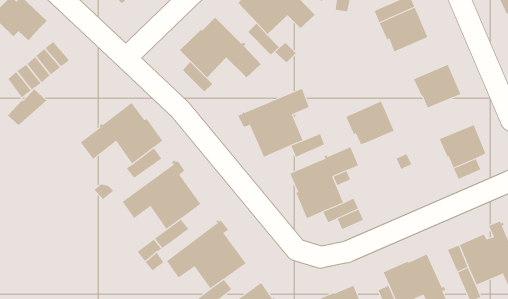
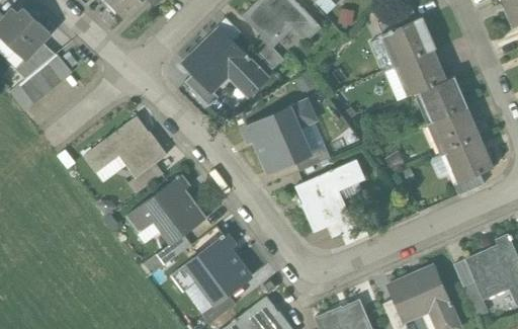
building: [7,88,47,126] -> [15,42,56,79]
building: none -> [432,107,481,152]
building: [345,101,395,145] -> [398,50,447,94]

